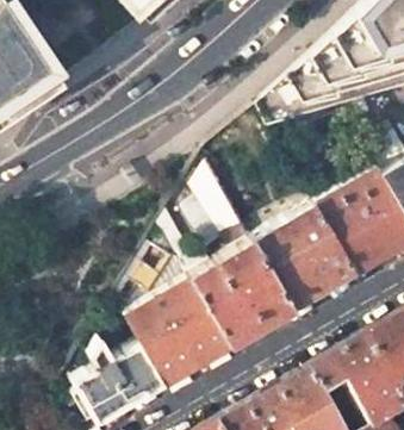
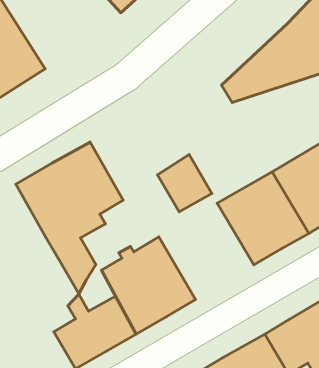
building: none -> [16,142,123,294]
building: [189,229,294,335] -> none

